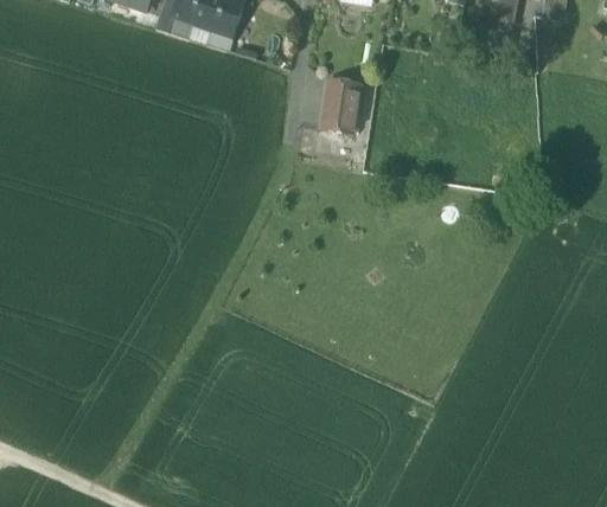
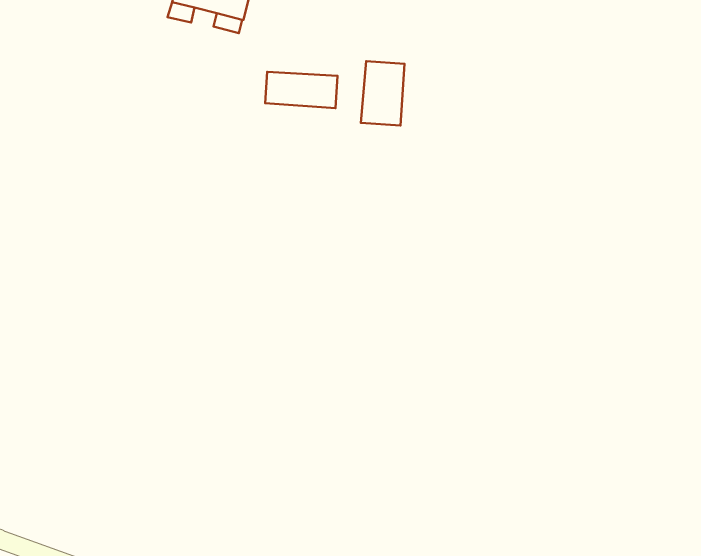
building: none -> [265,72,338,108]

